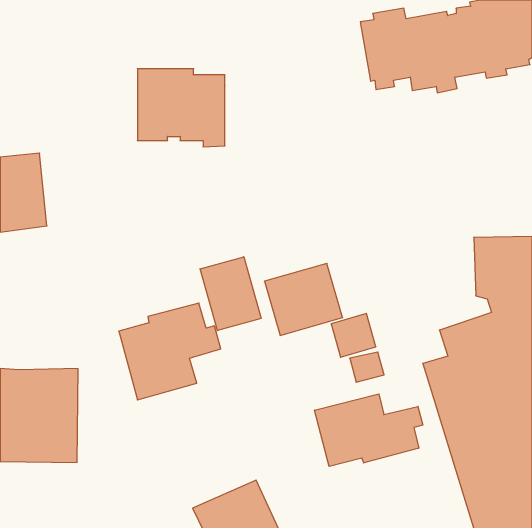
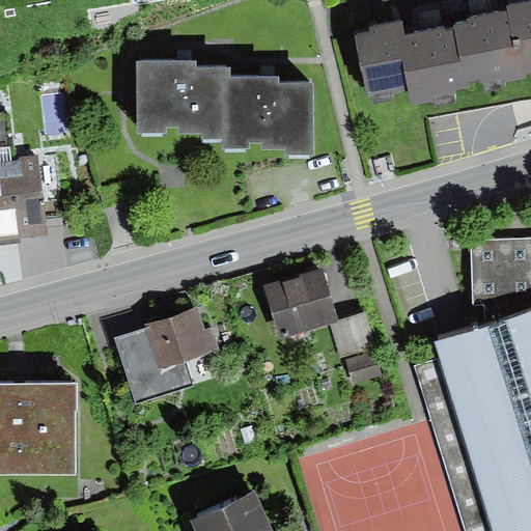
building: none -> [224,89,314,169]
building: [200,257,261,331] -> none
building: [315,394,423,466] -> none

